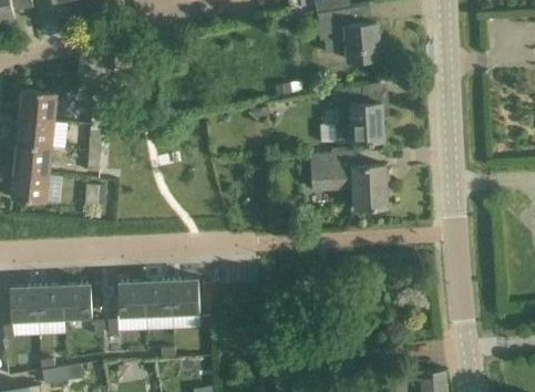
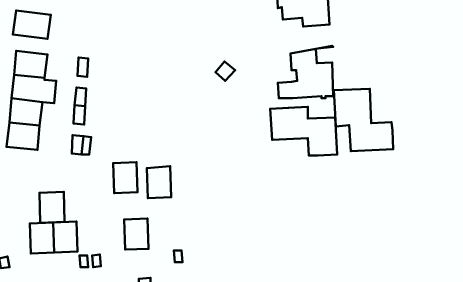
building: none -> [13,10,51,39]
building: none -> [334,89,393,151]
building: [172,279,199,316] -> [147,166,171,198]
building: [119,282,146,318] -> [113,162,137,193]
building: [10,287,39,322] -> [39,192,65,223]

